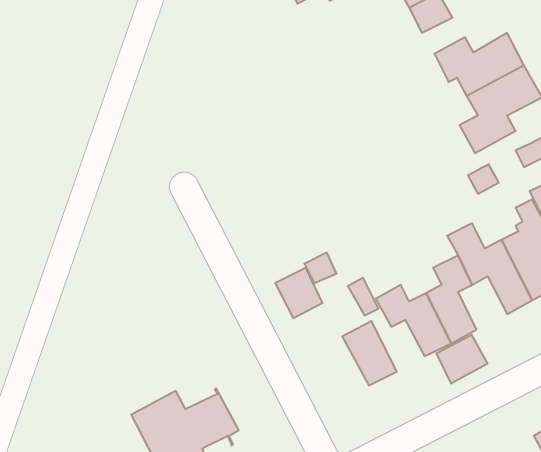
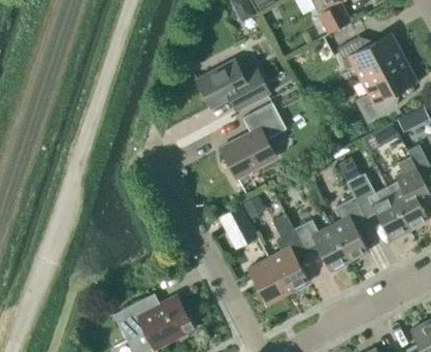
building: none -> [191,60,270,107]
building: none -> [222,102,287,178]
building: [436,335,487,384] -> none
building: none -> [247,257,289,305]

